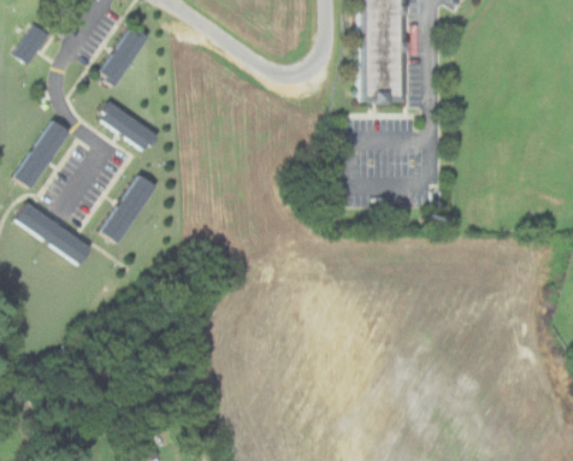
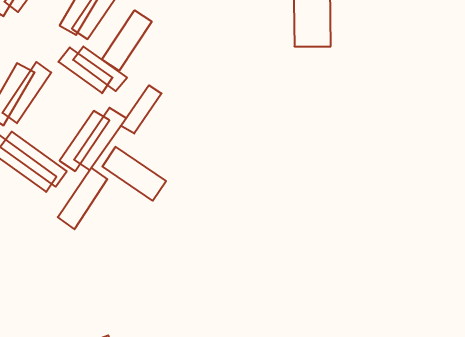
building: none -> [102,10,152,71]
building: none -> [121,85,162,134]
building: none -> [102,147,166,201]
building: none -> [58,168,107,229]

